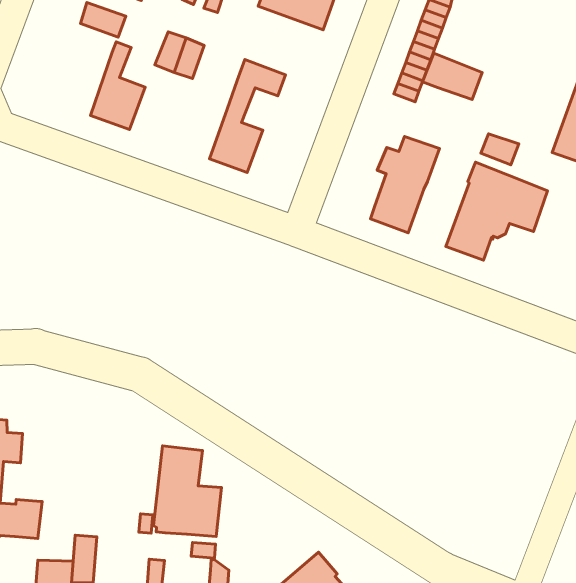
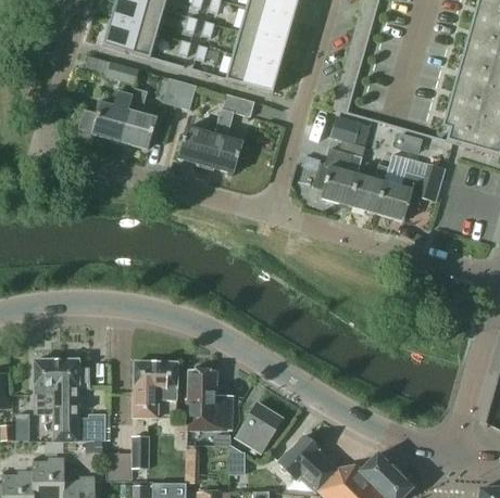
building: none -> [225,55,279,93]
building: none -> [79,91,132,141]
building: [423,53,482,99] -> [330,115,372,145]
building: none -> [177,126,215,165]
building: none -> [349,165,389,214]
building: none -> [133,361,177,418]
building: none -> [235,403,282,452]

